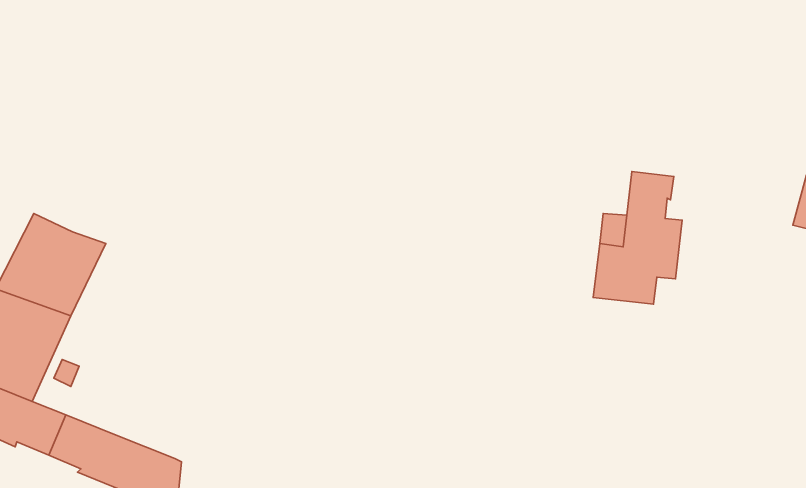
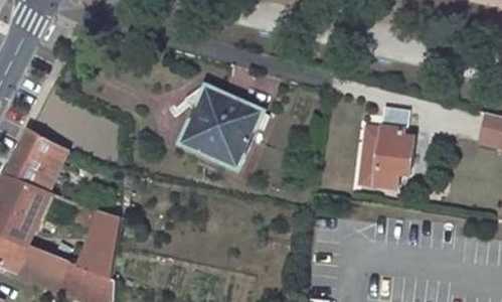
building: none -> [176,97,263,171]
building: none -> [75,206,118,279]

